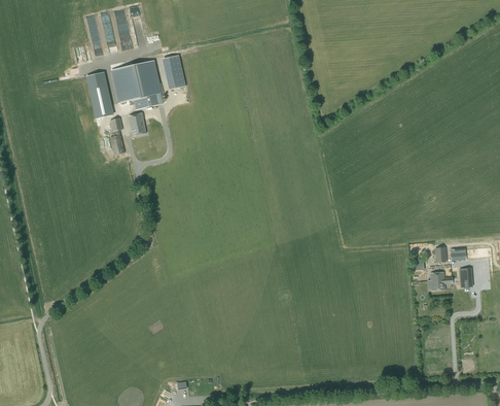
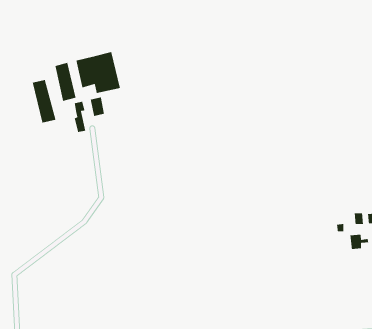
building: [162,55,184,90] -> none
building: none -> [32,79,56,124]

